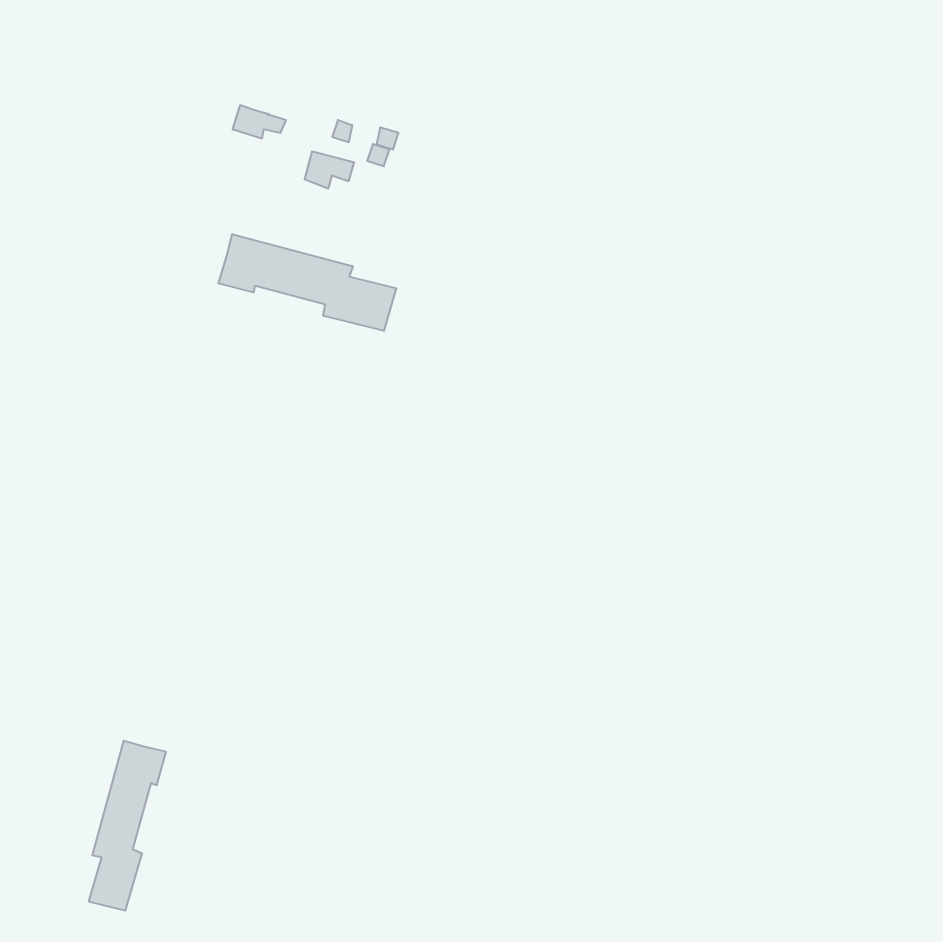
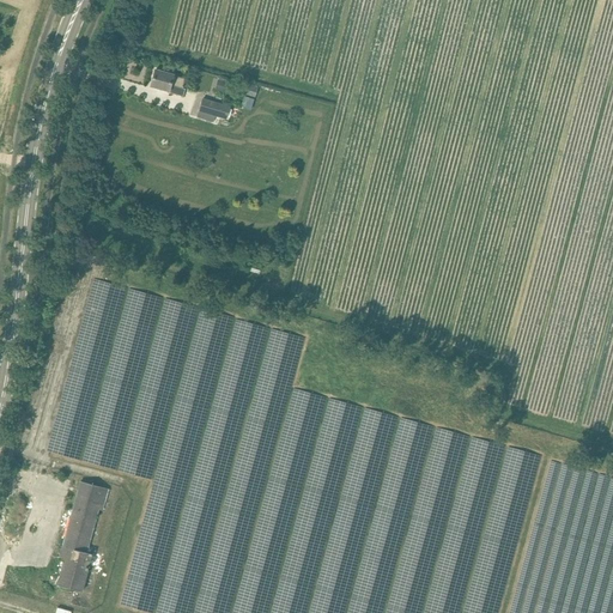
building: [218,234,396,331] -> none

